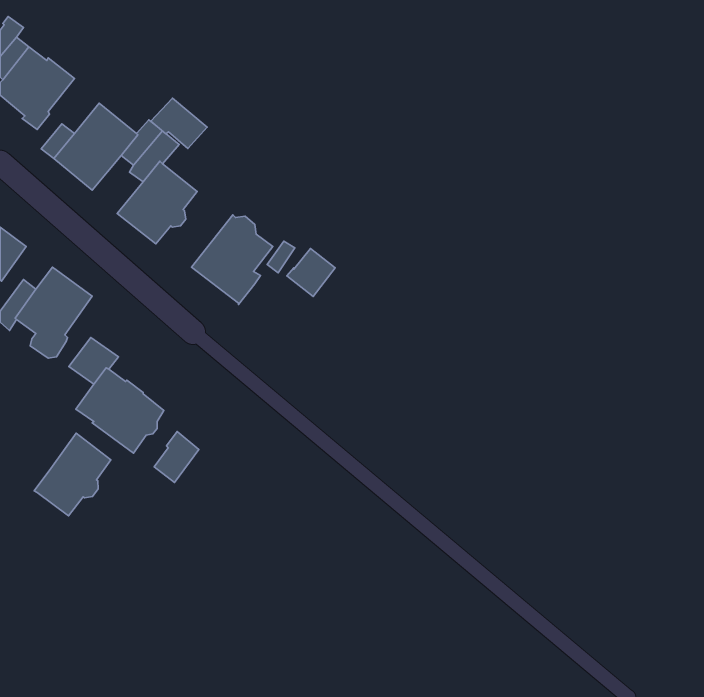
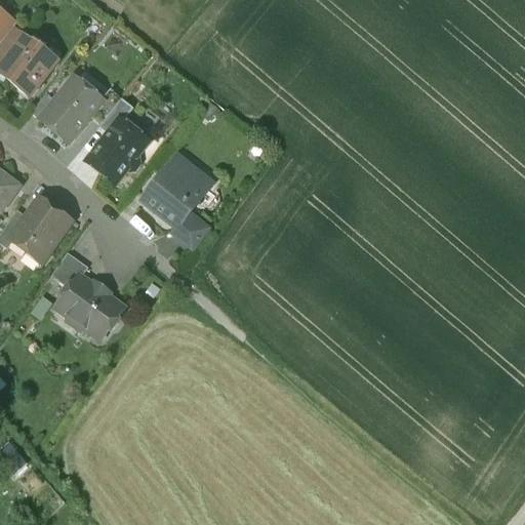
building: [151,98,207,149] -> none
building: [287,248,335,297] -> [172,211,208,247]
building: [154,432,199,483] -> none
building: [34,433,111,516] -> none

